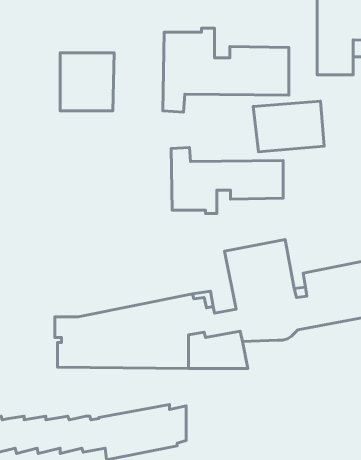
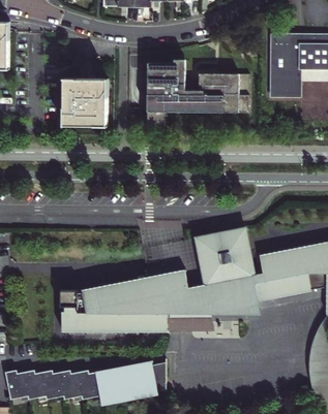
building: [253,101,324,152] -> none
building: [171,147,283,213] -> none

